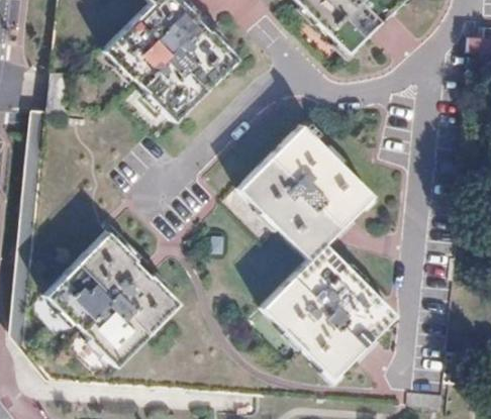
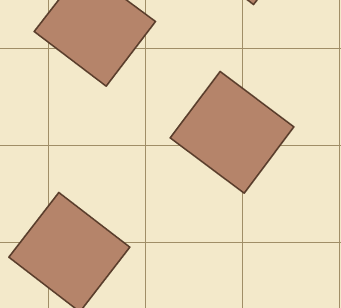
building: [262,243,397,380] -> none

